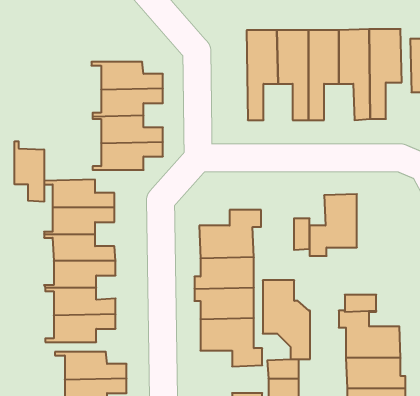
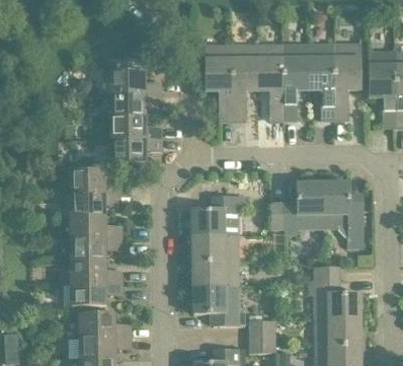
building: none -> [206,45,233,121]
building: [15,141,44,202] -> none
building: [263,280,310,359] -> [324,181,364,247]

